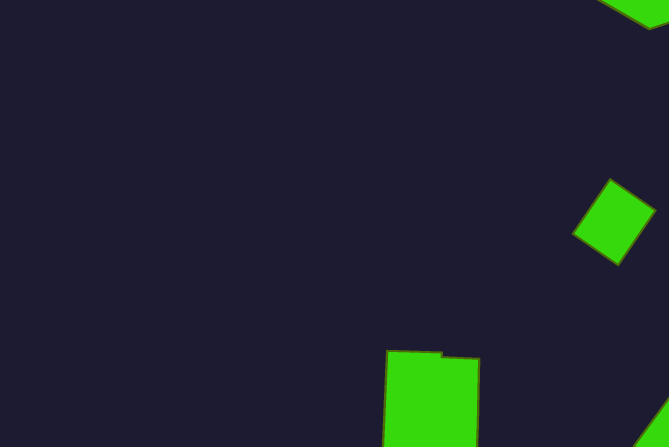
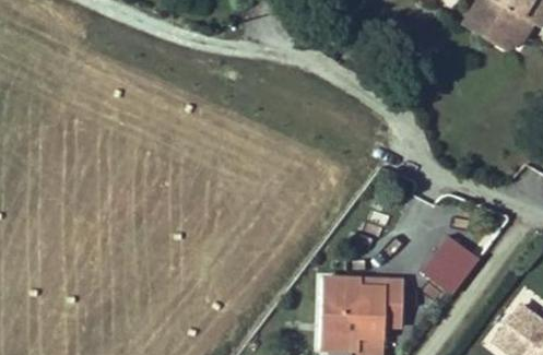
building: [573,179,656,265] -> [421,235,479,295]
building: none -> [362,275,405,326]

